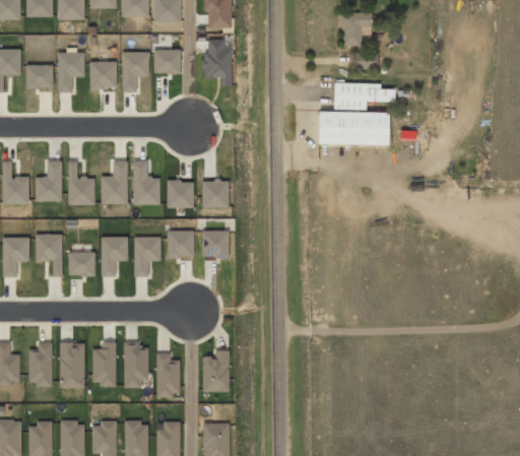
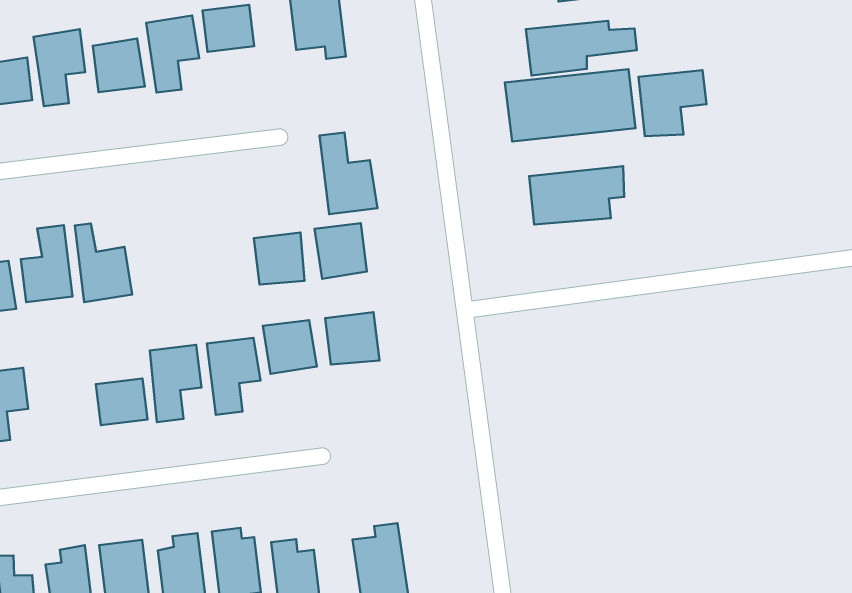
building: none -> [638,70,706,136]
building: [101,160,128,204] -> none
building: [133,160,160,205] -> [320,133,377,214]
building: none -> [529,166,624,224]
building: [36,234,63,276] -> none

